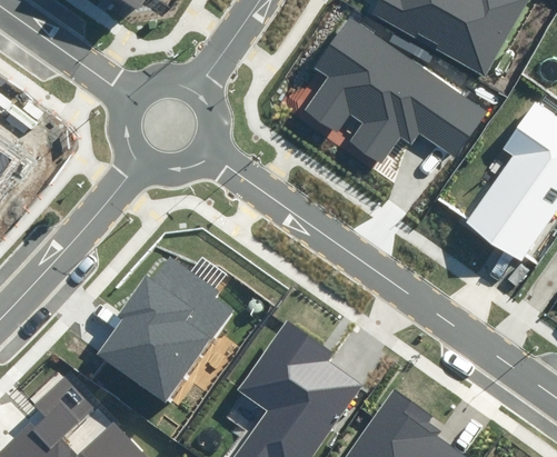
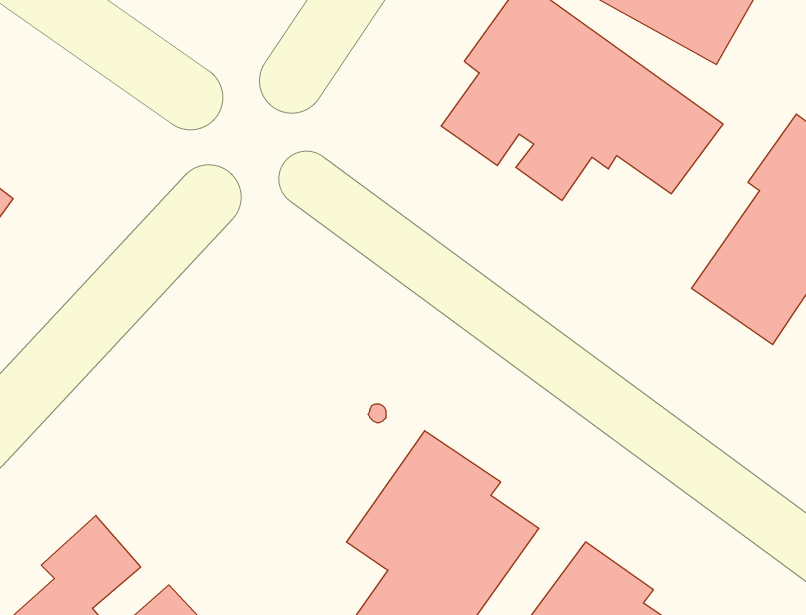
building: [96,255,235,407] -> none

